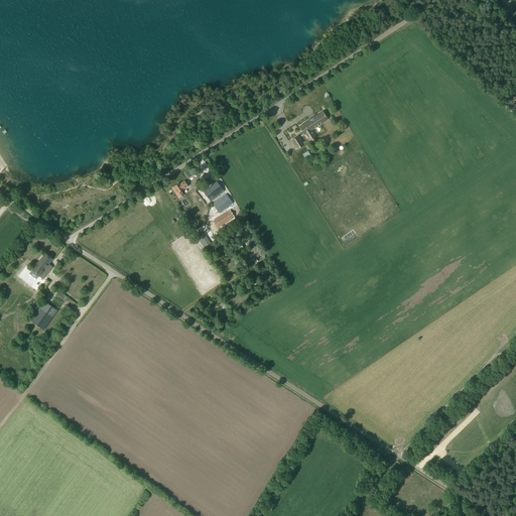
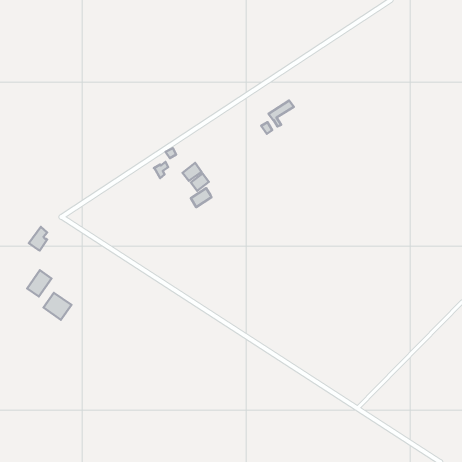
building: none -> [43,293,71,320]

